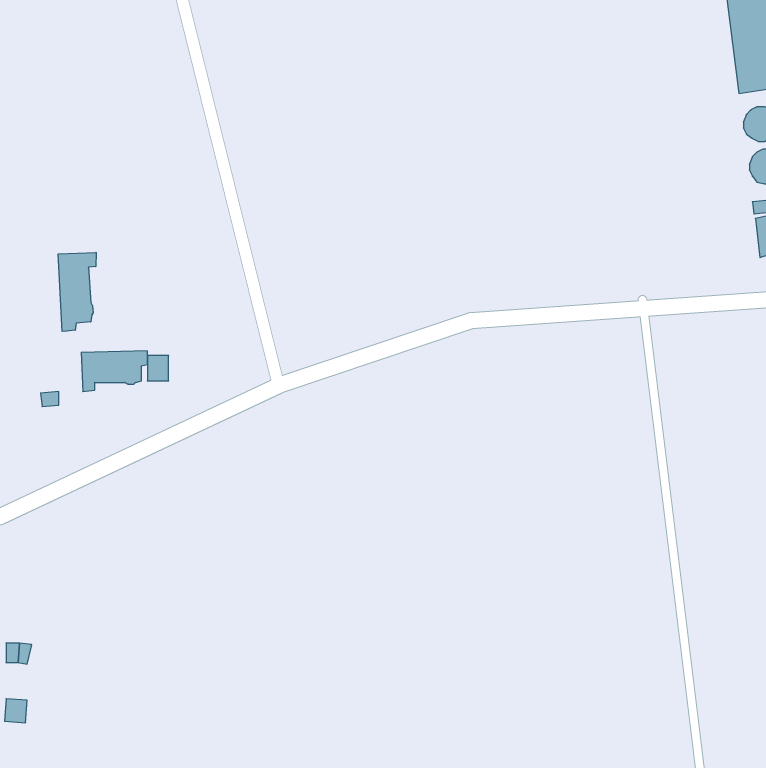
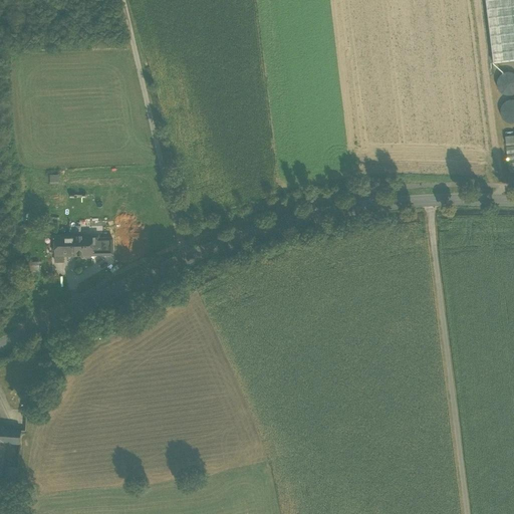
building: [58,252,96,331] -> none

